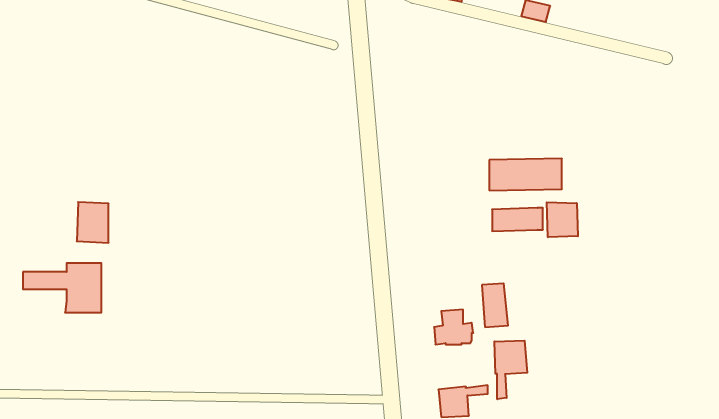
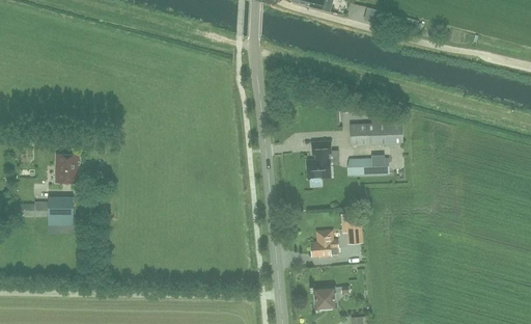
building: none -> [306,140,330,177]
building: [547,202,578,237] -> none
building: [494,341,527,399] -> none

